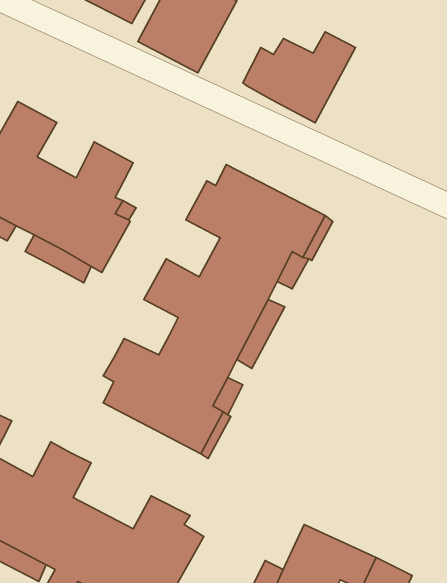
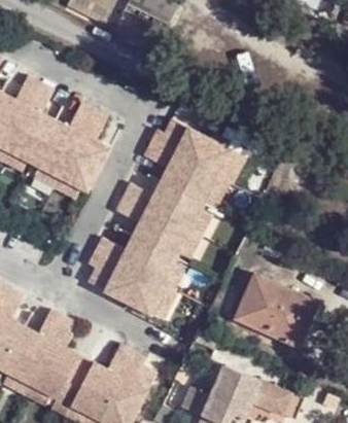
building: [243,32,356,123] -> none
building: none -> [235,276,316,345]

